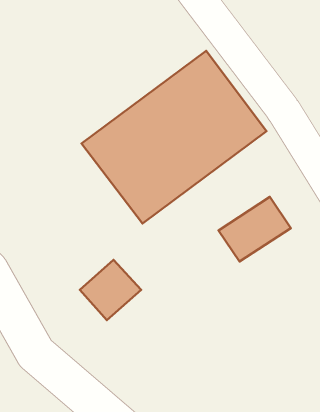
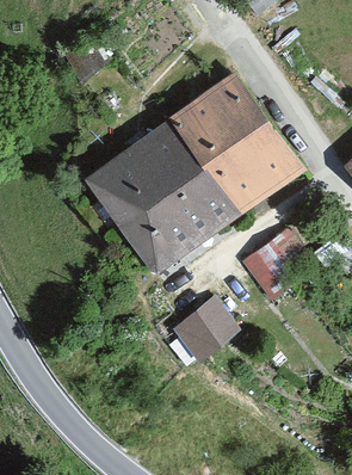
building: [80,260,141,320] -> [178,303,243,368]

